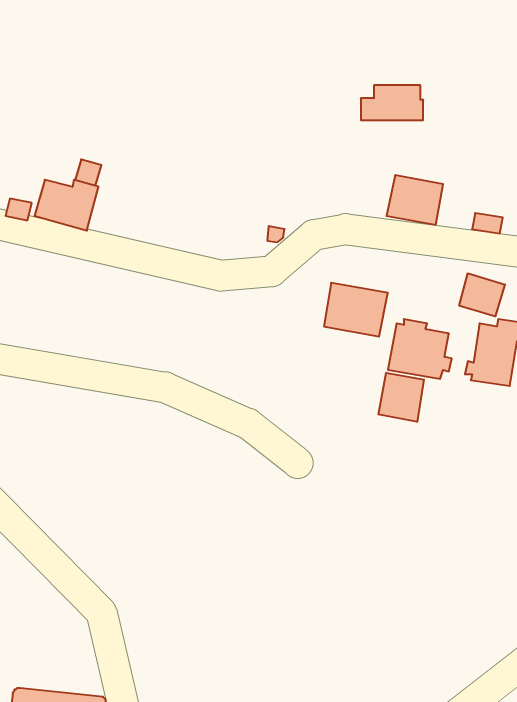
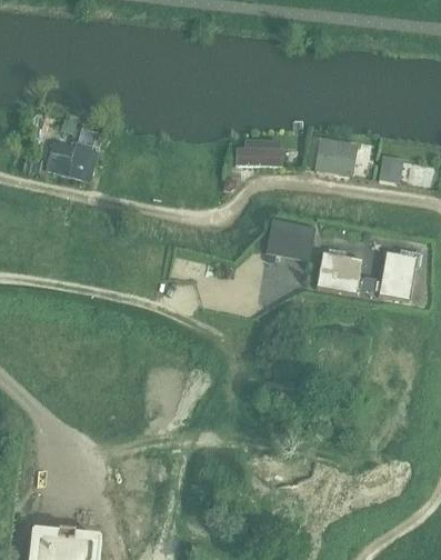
building: [361,85,423,120] -> [238,138,285,164]
building: [459,273,505,316] -> none
building: [378,373,424,422] -> none

